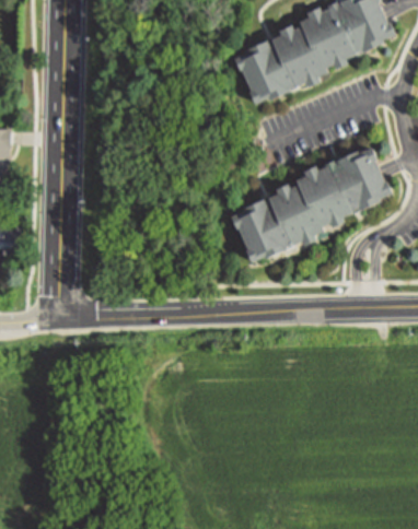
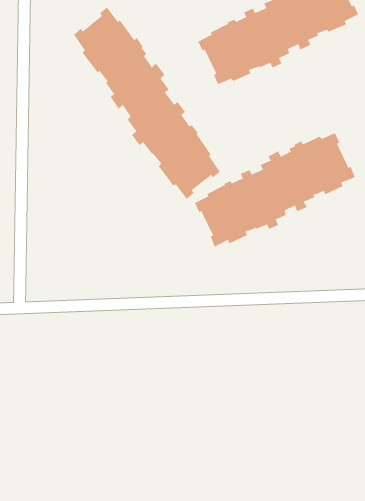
building: none -> [73,6,220,200]

